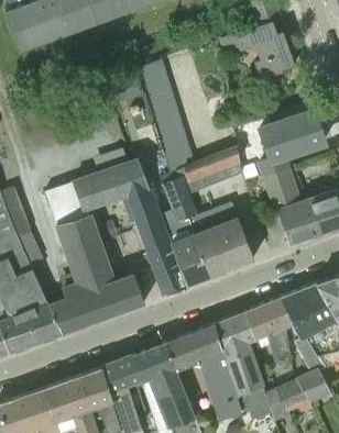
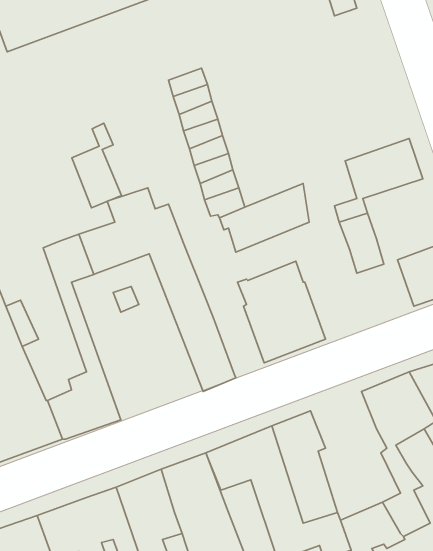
building: [221,21,295,79] -> none
building: none -> [72,123,121,208]
building: [163,178,209,286] -> none
building: [277,201,319,245] -> none
building: [67,211,145,319] -> none
building: [243,298,292,365] -> none

